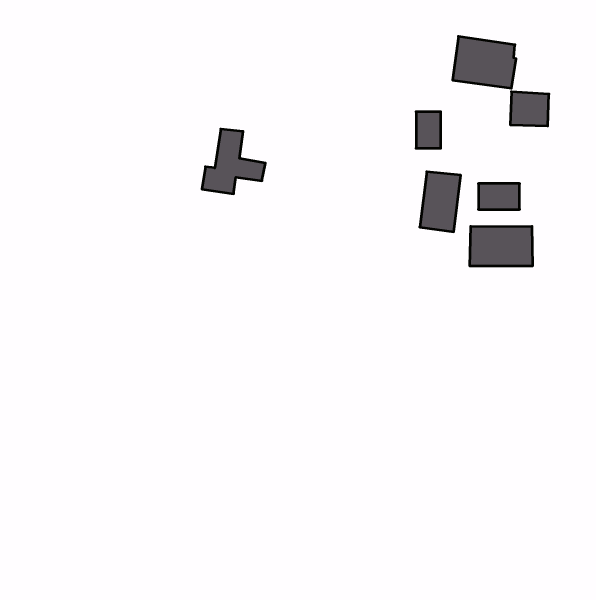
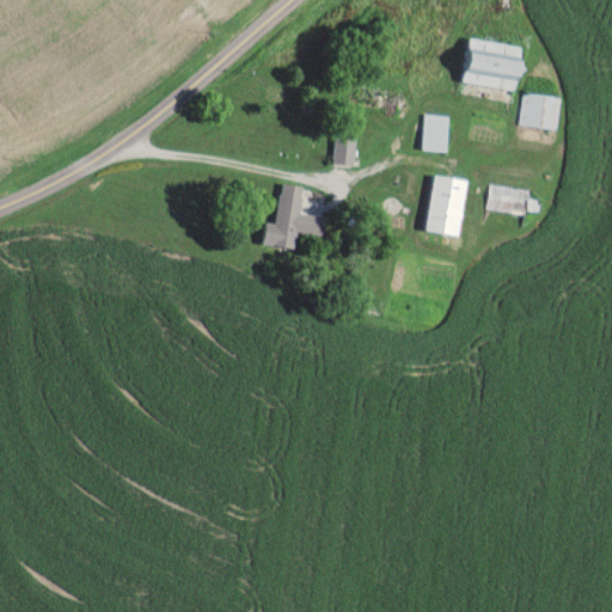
building: none -> [331,131,357,166]
building: [202,129,265,194] -> [261,184,325,250]
building: [470,226,532,266] -> none

